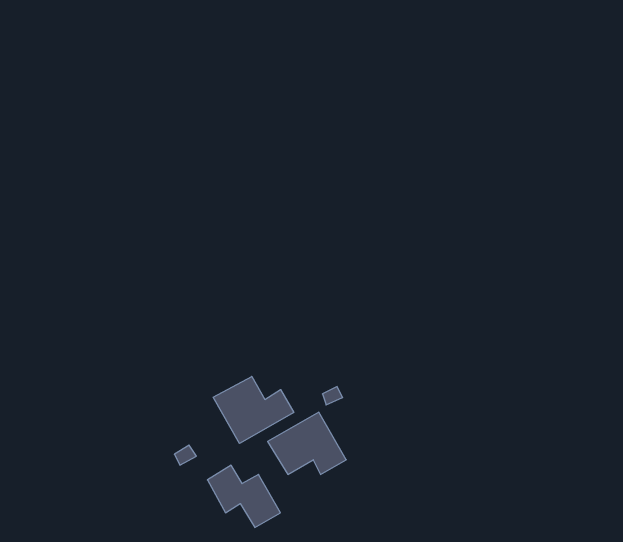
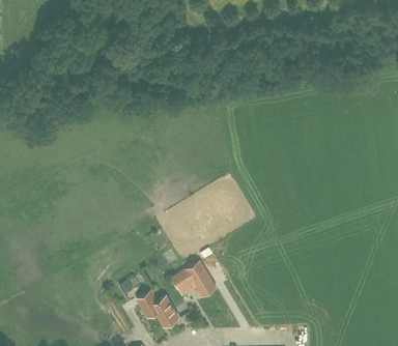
building: [213,376,294,443] -> none

